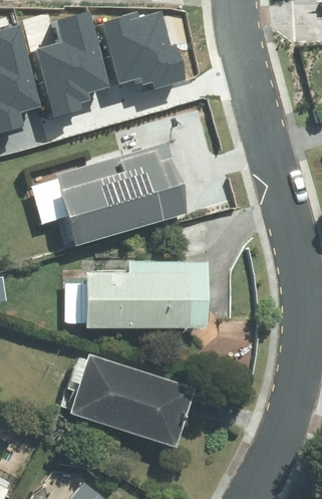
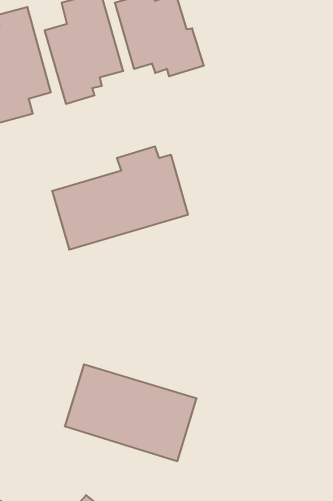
building: [73,253,203,329] -> none

